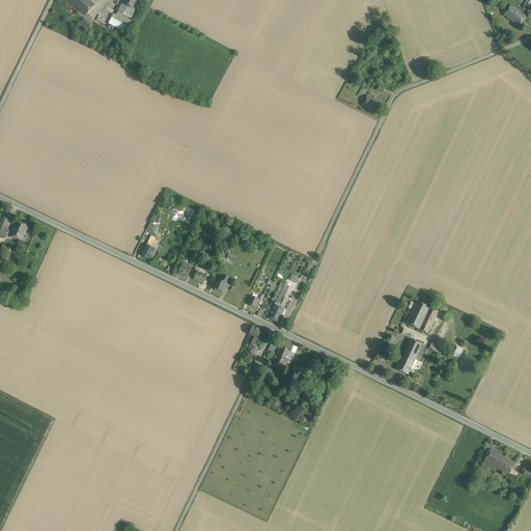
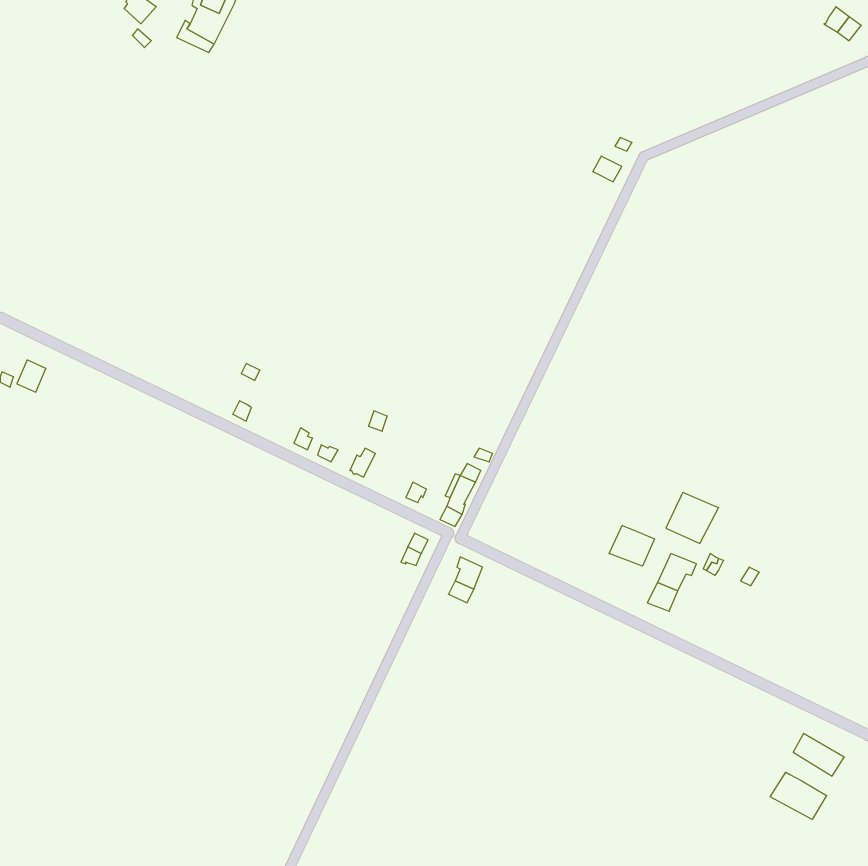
building: none -> [609,525,655,566]
building: none -> [770,772,827,819]

